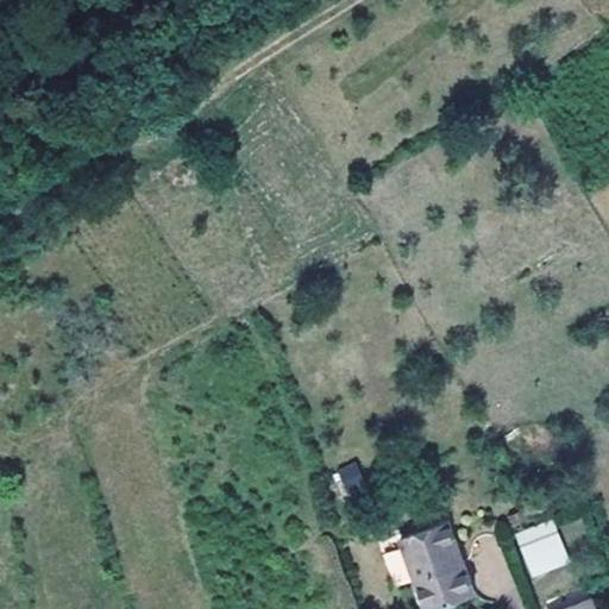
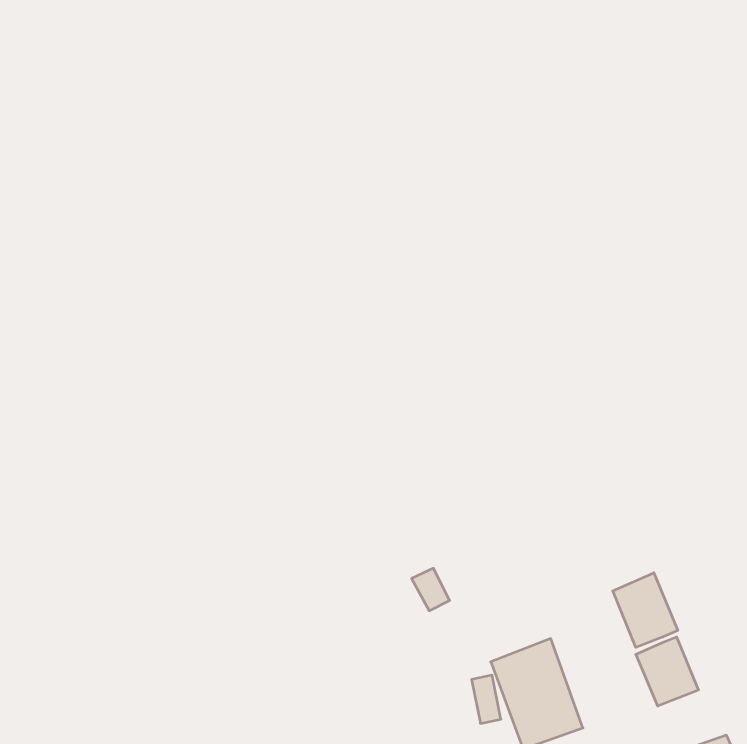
building: none -> [613,573,678,647]

